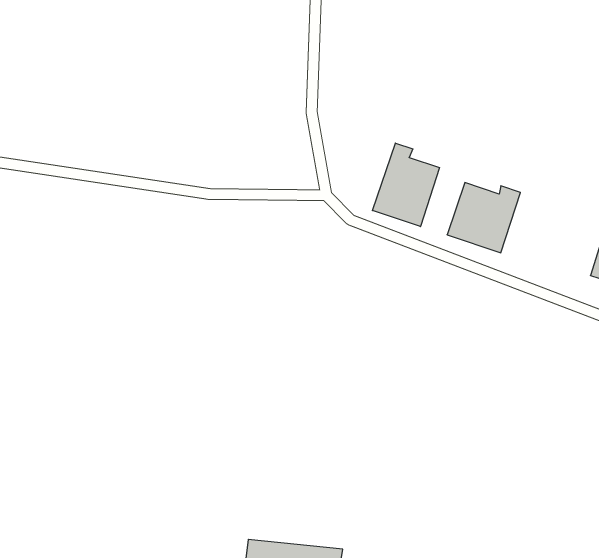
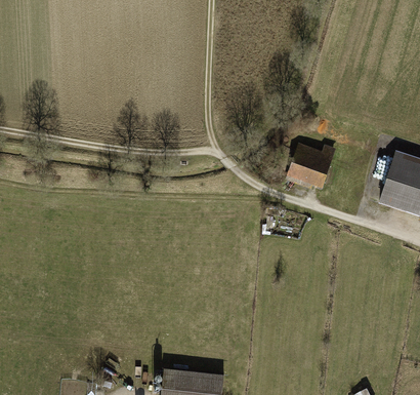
building: [372,143,440,227] -> none

